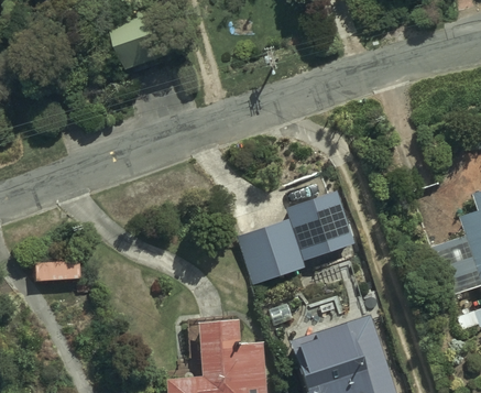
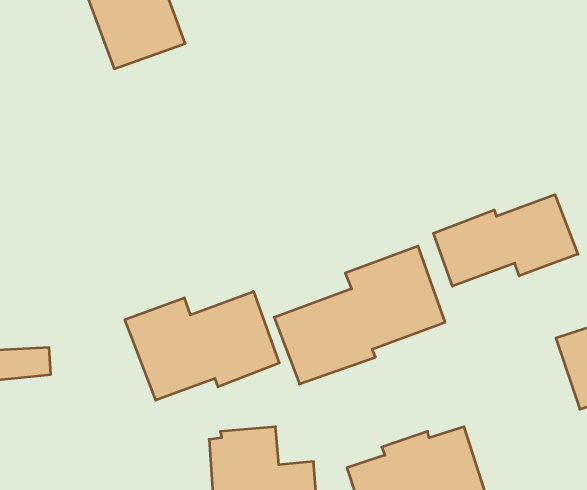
building: none -> [433,195,578,286]
building: none -> [125,291,279,400]

